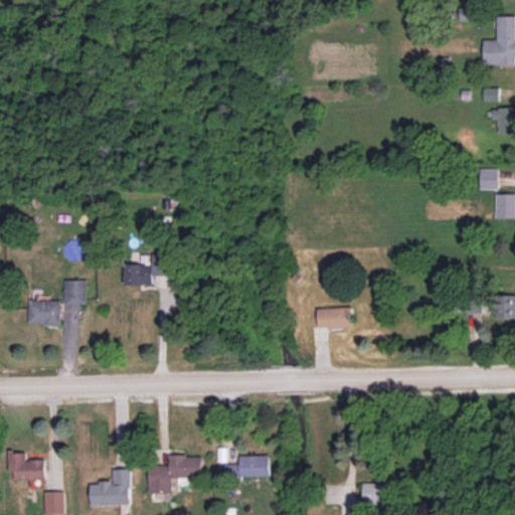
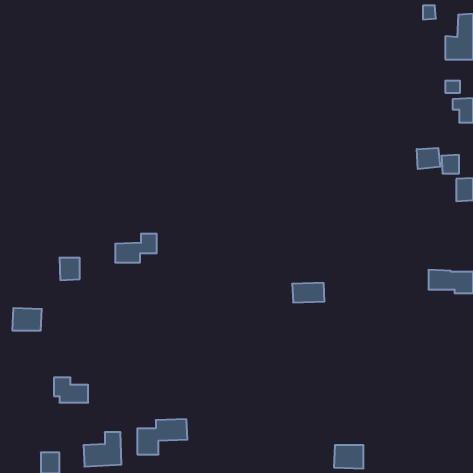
building: none -> [417,148,440,169]
building: [29,301,61,325] -> [12,308,42,330]
building: [8,453,45,480] -> [54,378,88,403]
building: [224,456,270,479] -> none

